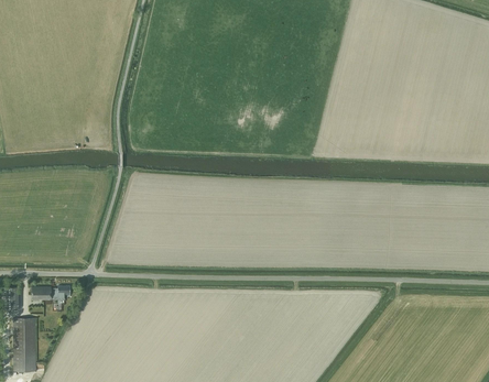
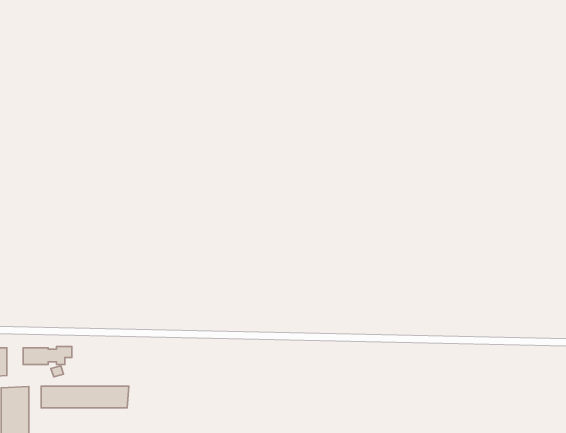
building: none -> [41,386,129,408]

